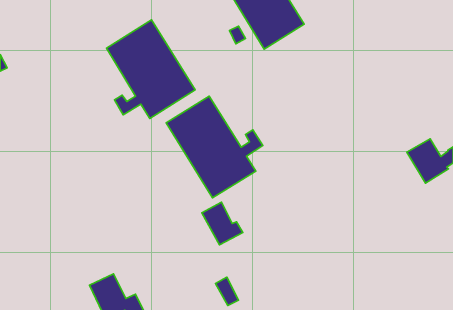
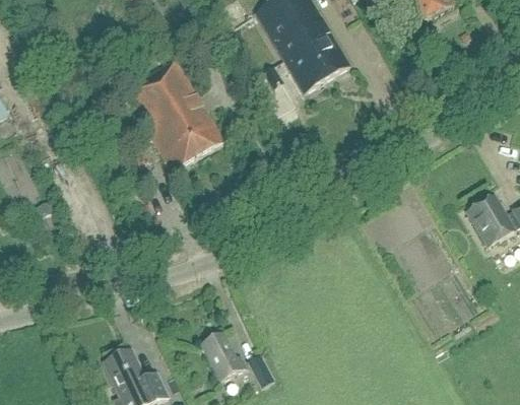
building: [166,96,263,198] -> none
building: [202,202,243,245] -> [199,331,246,380]

